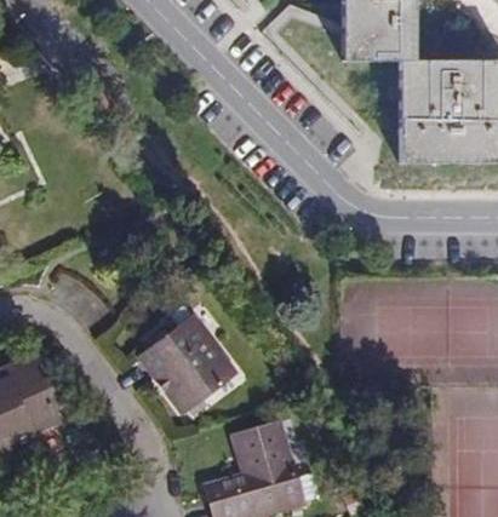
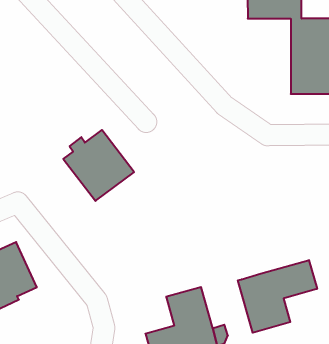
building: [138,317,234,413] -> [63,130,134,201]
building: none -> [238,260,317,333]

